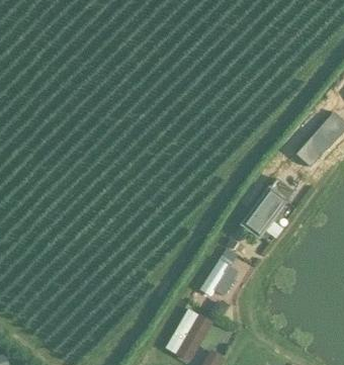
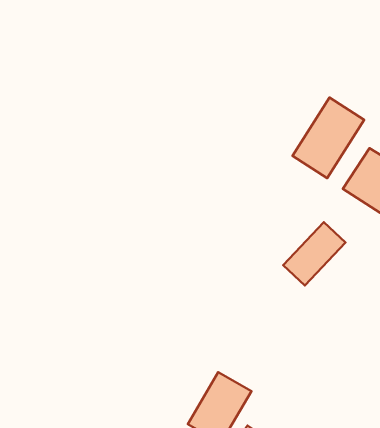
building: none -> [293,97,364,178]
building: [201,248,240,300] -> none

